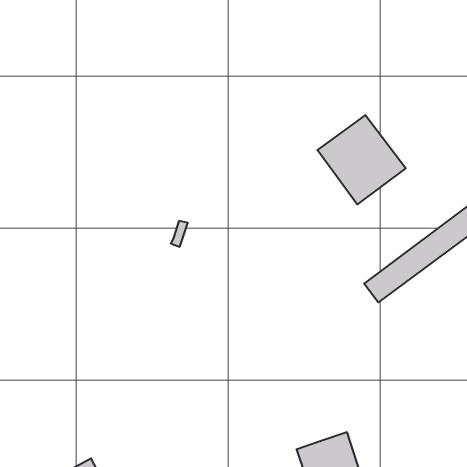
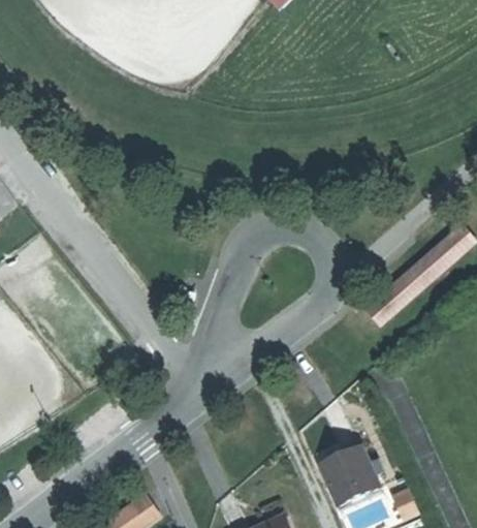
building: [317,115,406,204] -> none

